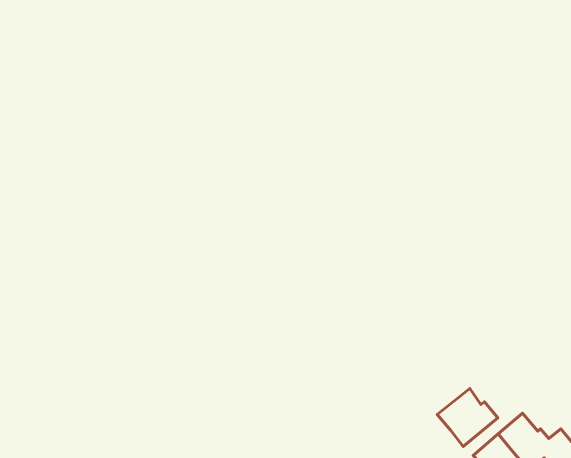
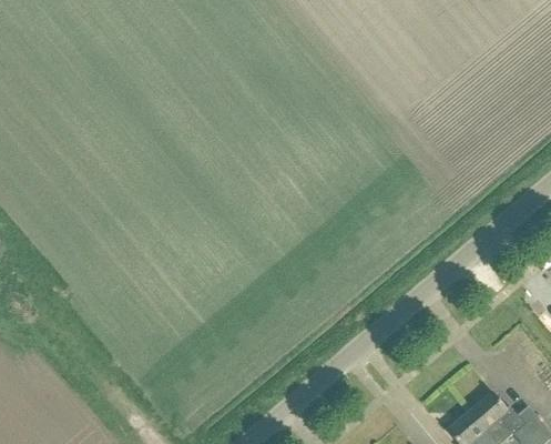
building: [437,388,498,447] -> none

